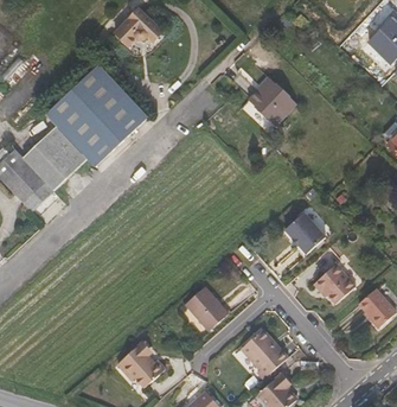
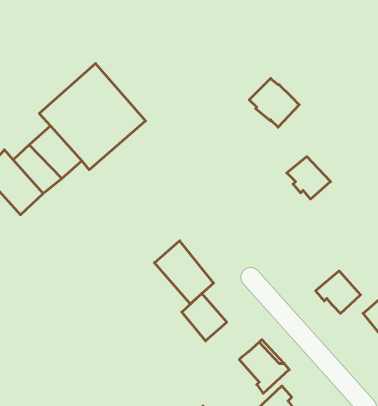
building: [115,11,164,47] -> none
building: [283,210,325,250] -> [287,157,331,199]
building: none -> [154,241,214,304]
building: [120,339,167,382] -> none

